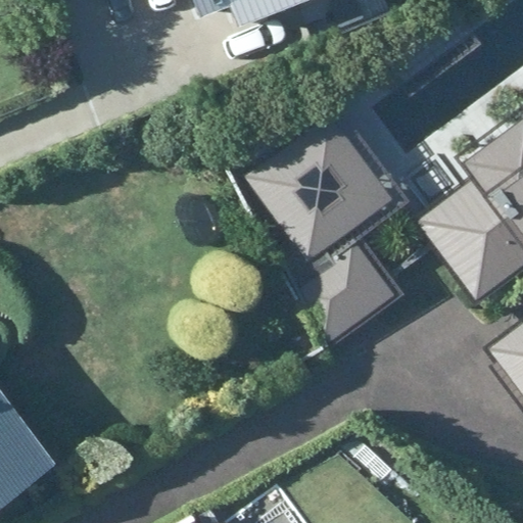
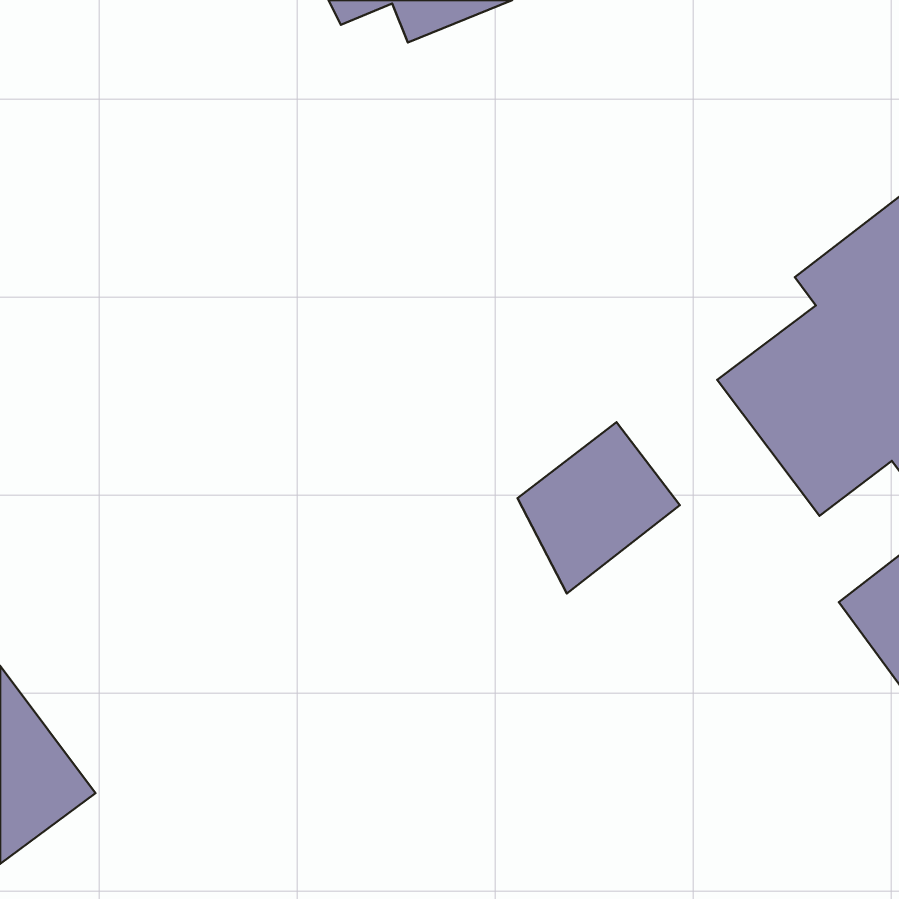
building: [244,114,392,262] -> none

